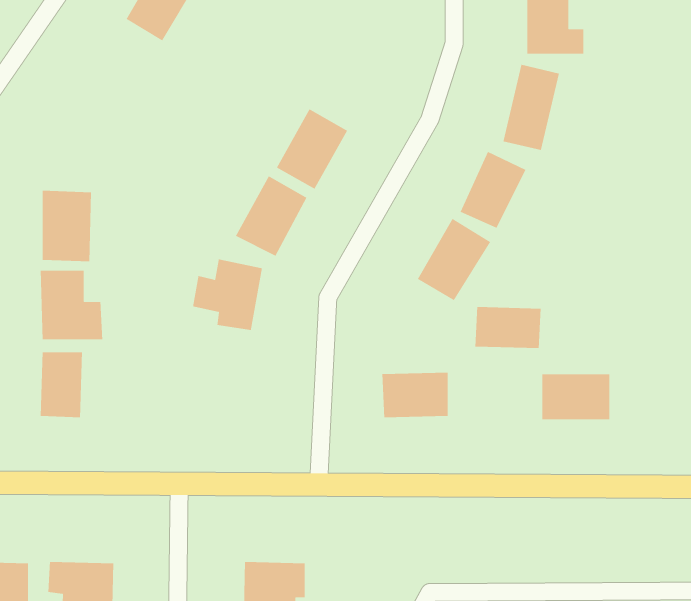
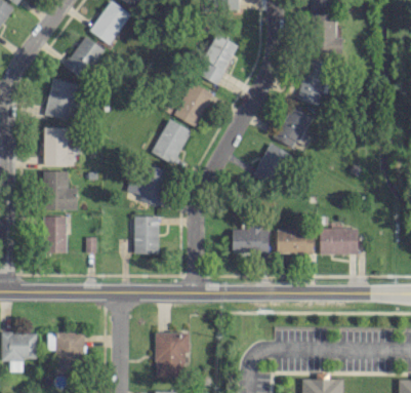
building: none -> [195,34,238,85]
building: none -> [65,36,104,80]
building: none -> [45,79,79,121]
building: [474,306,541,349] -> [276,230,313,253]
building: none -> [133,217,159,254]

